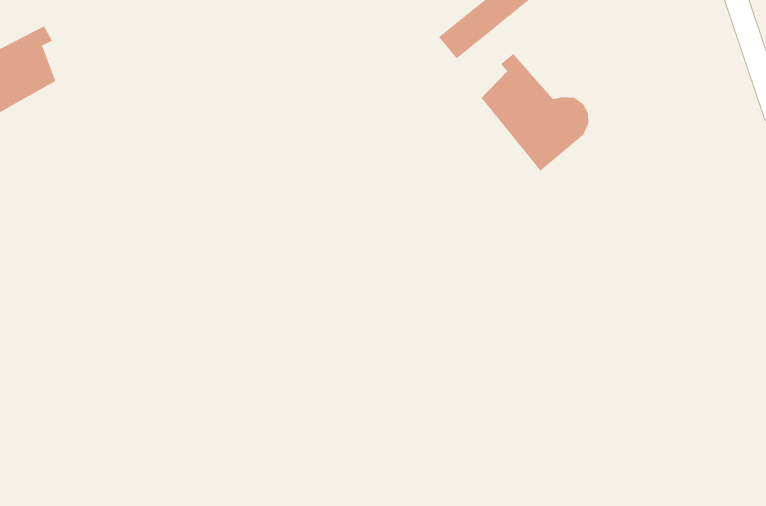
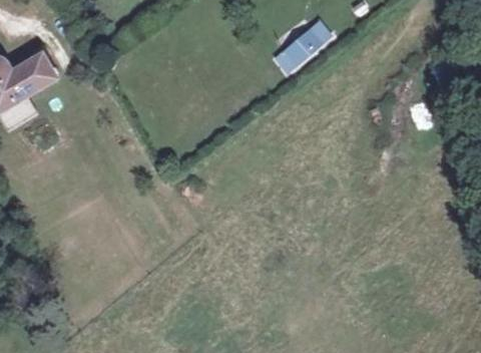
building: [481,53,589,172] -> none

